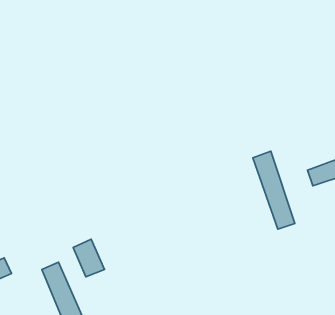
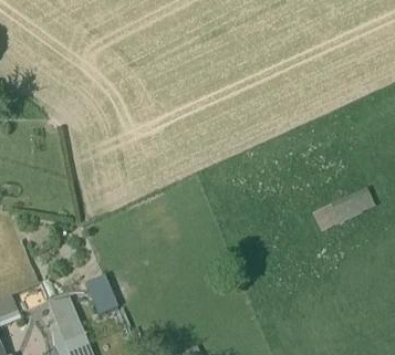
building: [253,151,295,229] -> none

